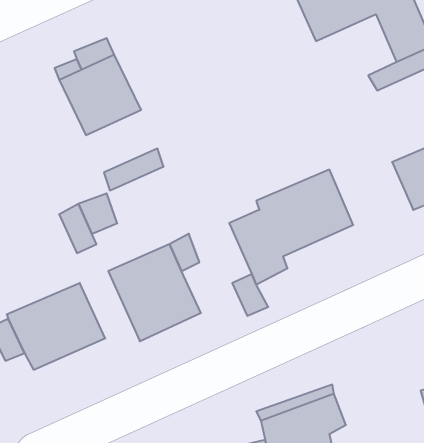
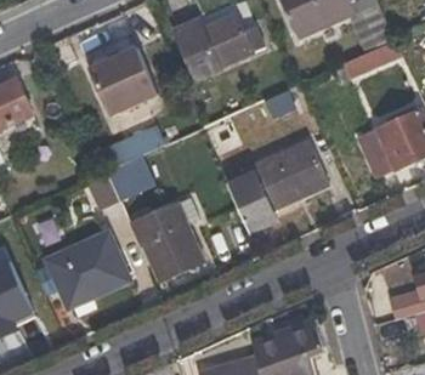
building: none -> [175,13,266,76]

